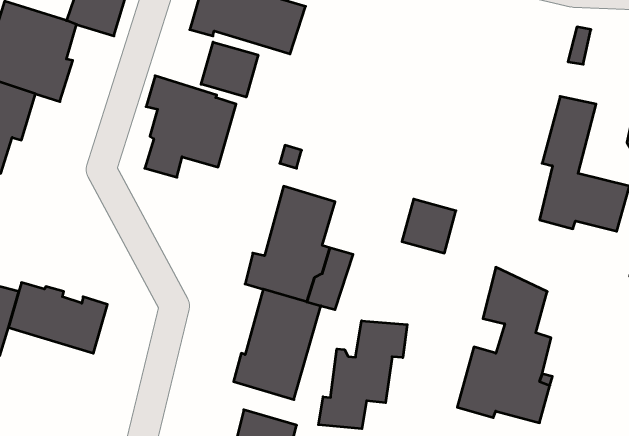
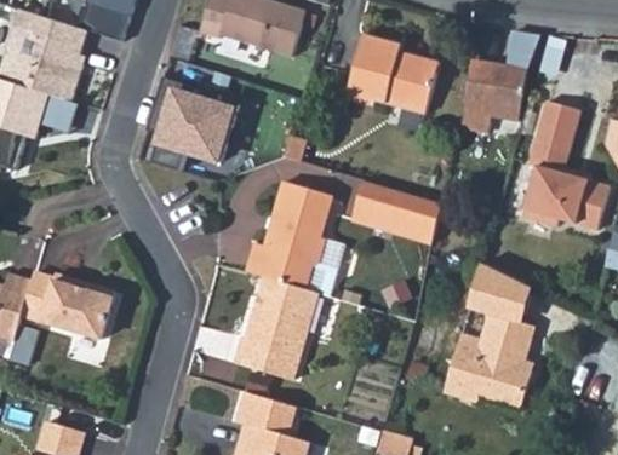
building: none -> [459,28,536,123]
building: none -> [338,36,430,119]
building: [201,42,258,97] -> none
building: none -> [353,184,404,234]
building: [318,321,407,429] -> none

